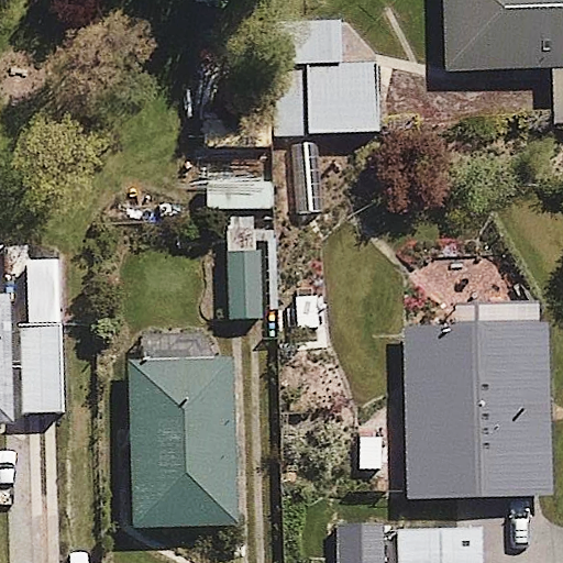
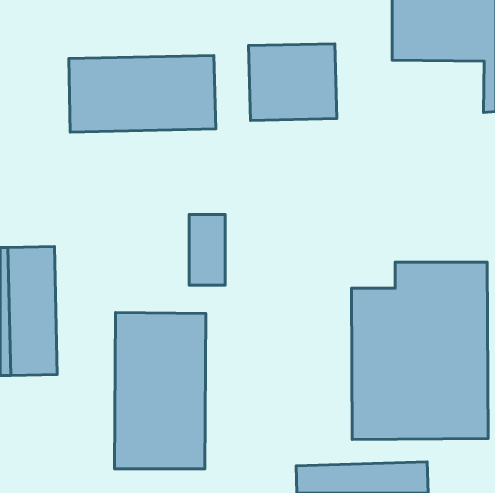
building: none -> [69,55,216,132]

